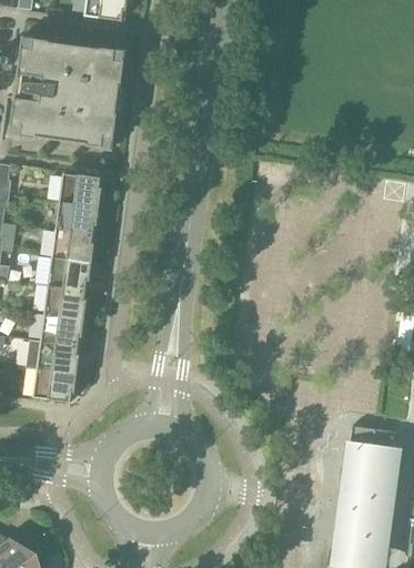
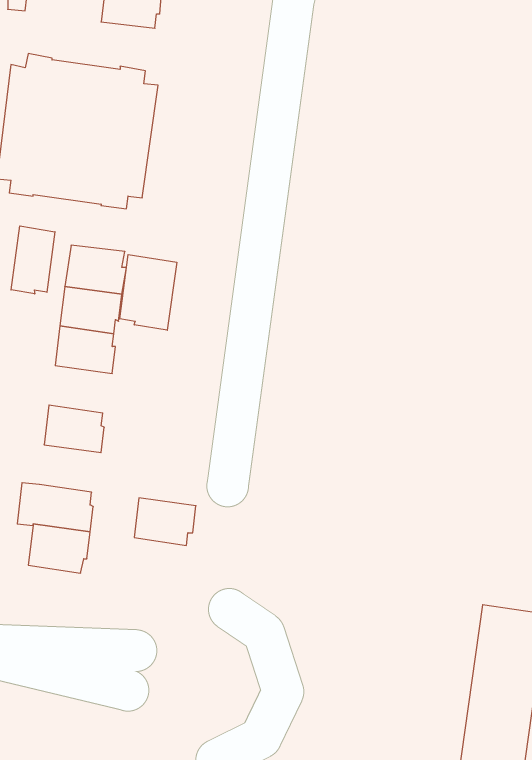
building: none -> [11,226,55,294]
building: none -> [120,255,177,330]
building: [47,256,91,290] -> none
building: [40,312,83,345] -> [134,498,196,545]

